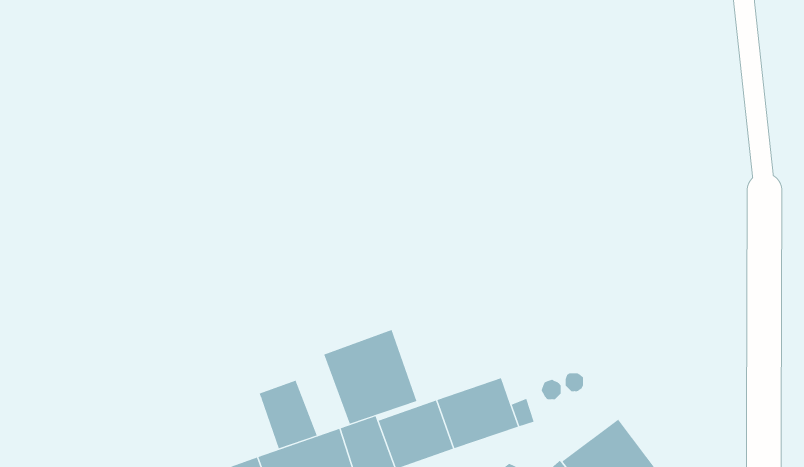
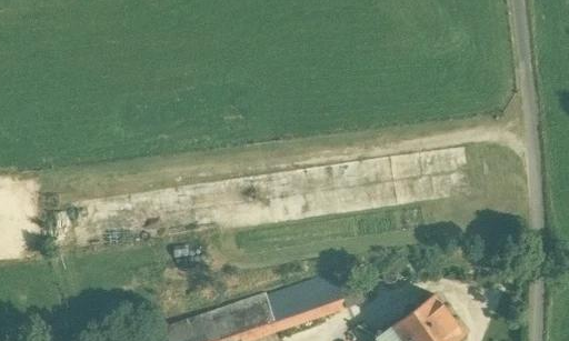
building: [323,329,417,425] -> none
building: [259,380,317,449] -> none

